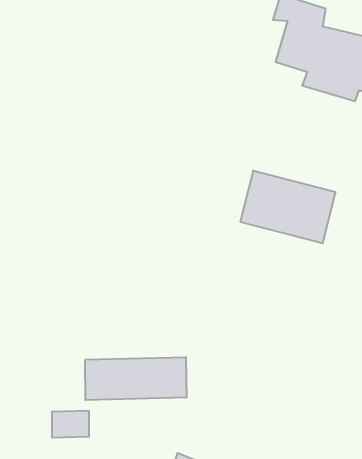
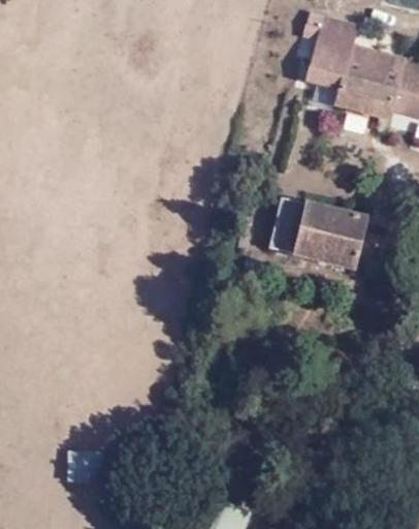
building: [85,357,186,400] -> none

